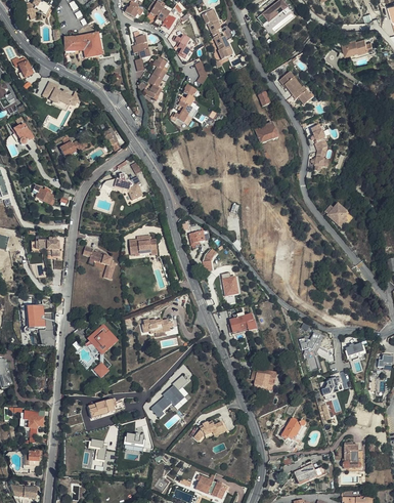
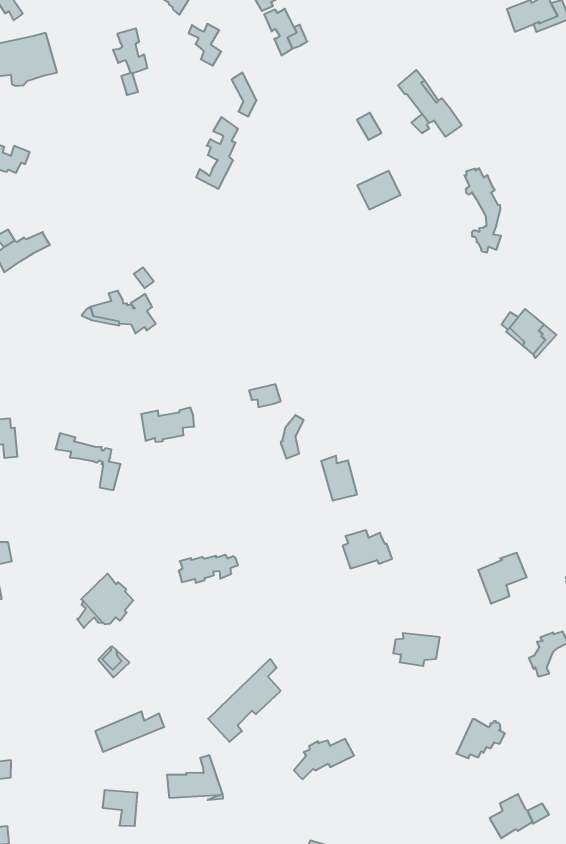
building: [141,57,166,98] -> none

